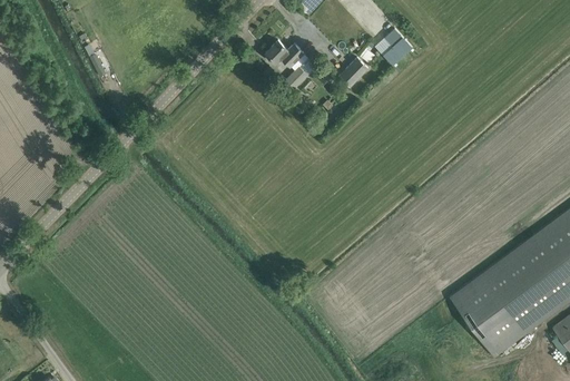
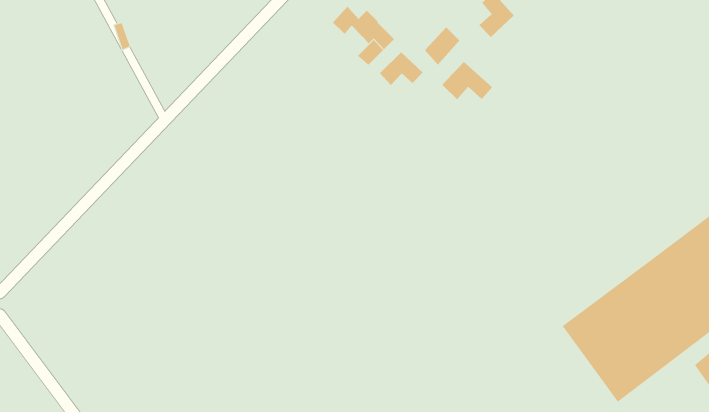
building: none -> [379,51,423,86]
building: none -> [441,61,493,100]

